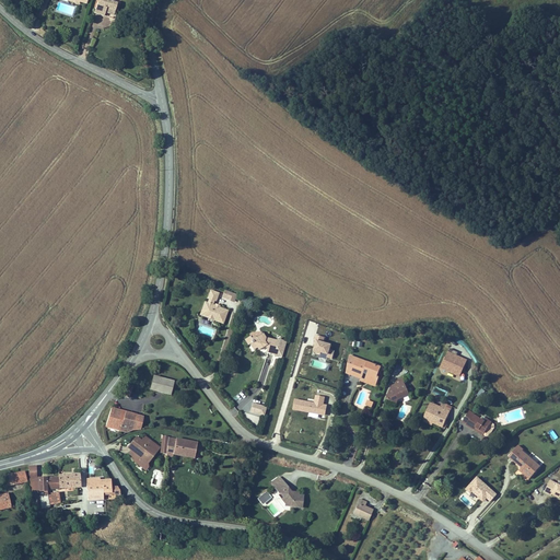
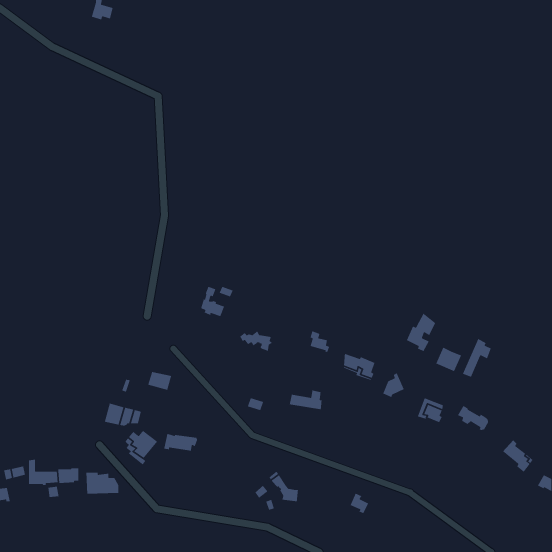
building: none -> [406,313,436,352]
building: none -> [462,338,492,378]
building: [465,475,497,504] -> none

